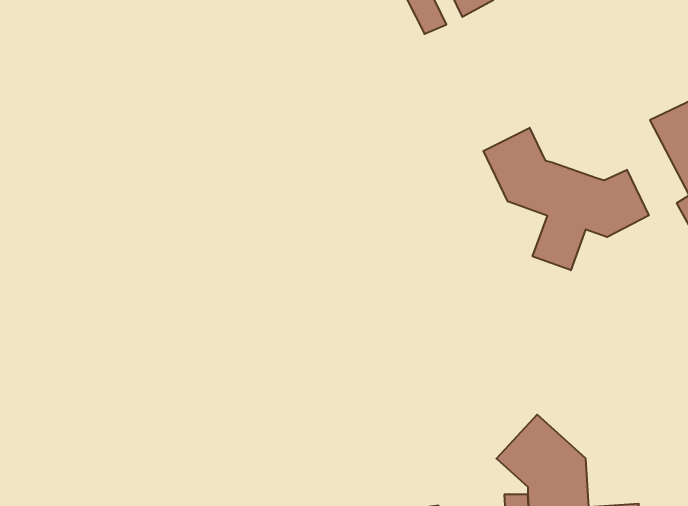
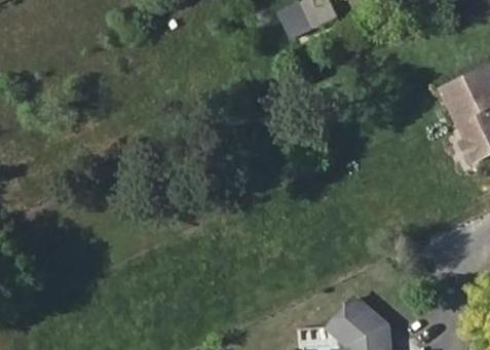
building: [483,128,649,270] -> none

